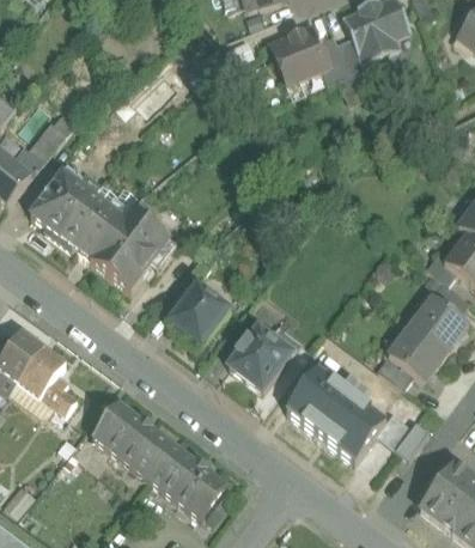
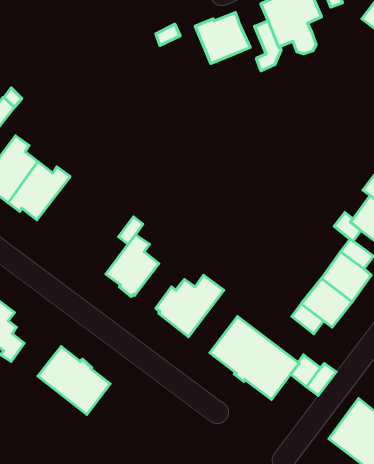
building: [318,34,348,83] -> none
building: [89,209,175,291] -> none
building: [146,444,227,520] -> none

